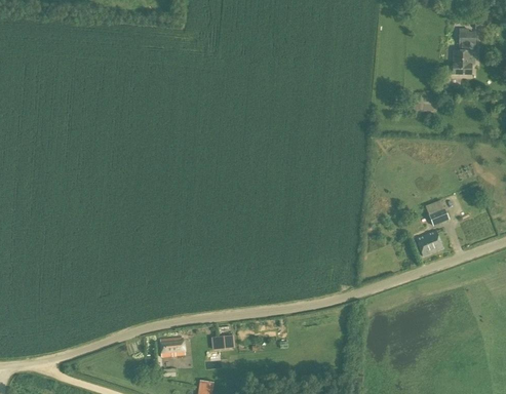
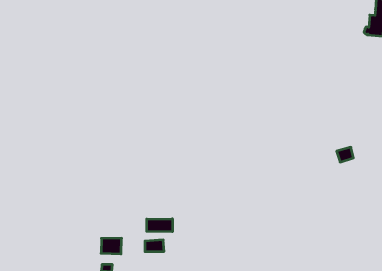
building: [417,231,442,257] -> none
building: none -> [147,219,172,232]

